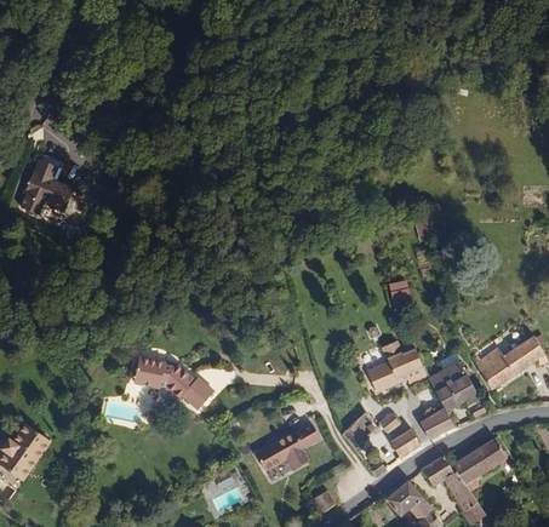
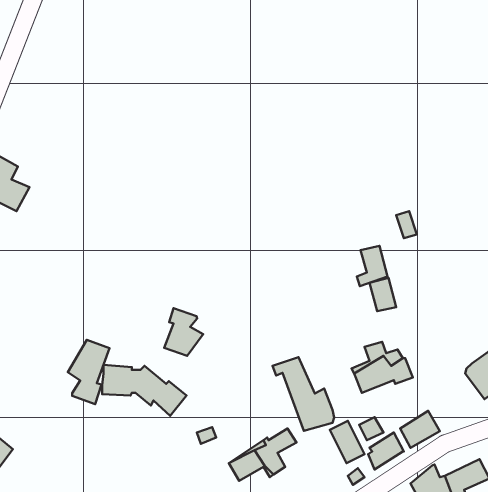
building: none -> [357,246,388,286]
building: none -> [164,308,203,356]
building: none -> [68,340,110,404]
building: [434,353,476,406] -> none
building: none -> [272,357,334,431]

